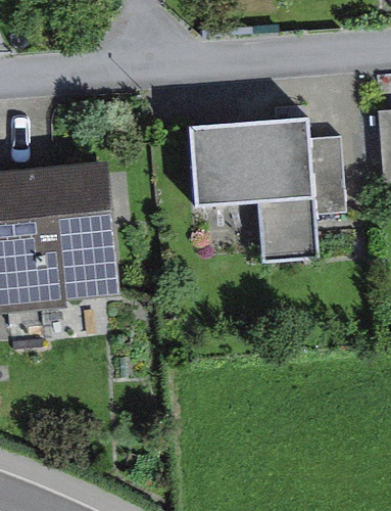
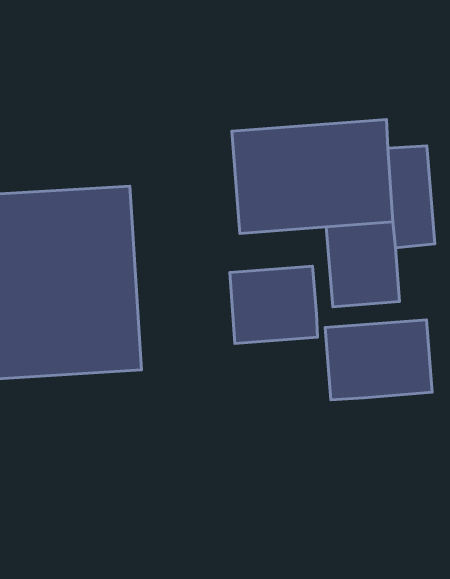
building: none -> [230,266,318,343]
building: none -> [325,320,432,400]

